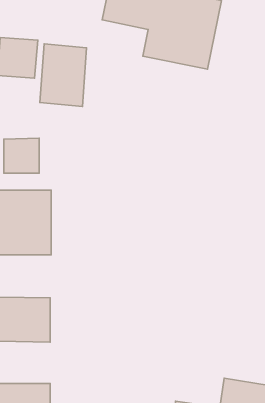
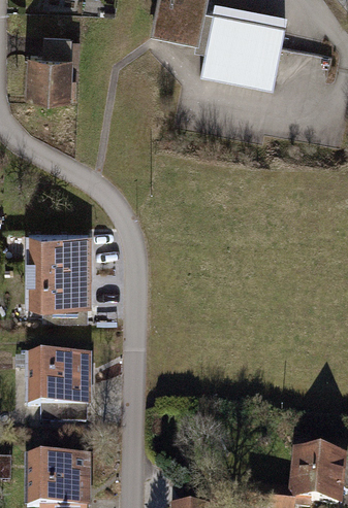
building: [40,44,87,106] -> none
building: [4,138,39,173] -> none

